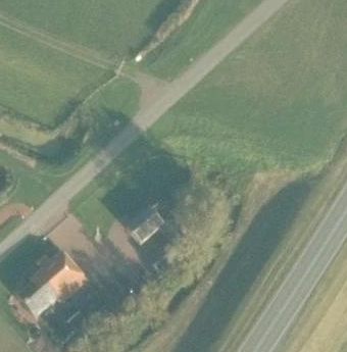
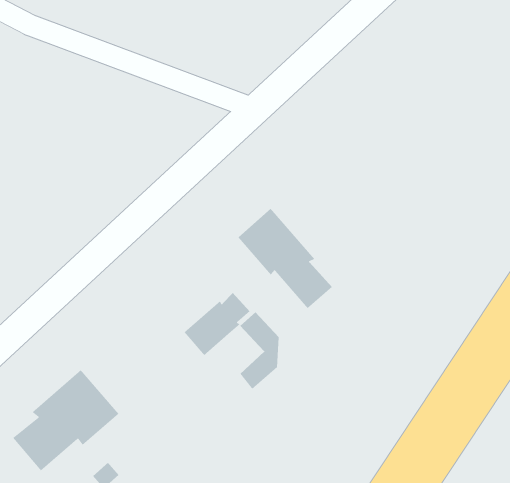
building: none -> [237,208,333,309]

